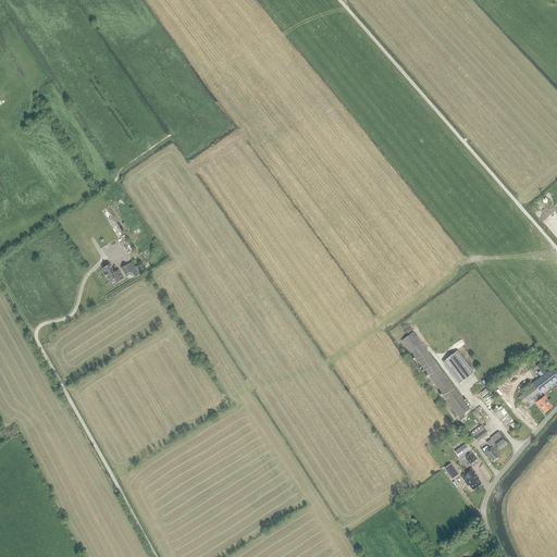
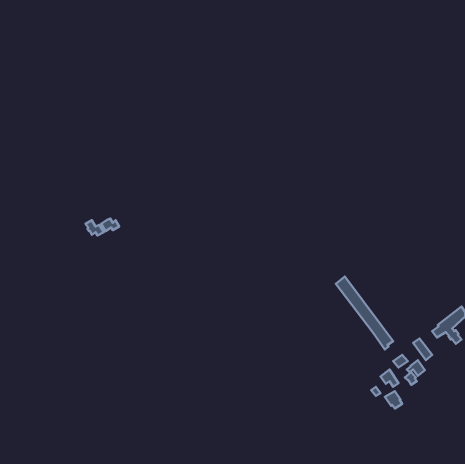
building: [444,351,473,382] -> none

